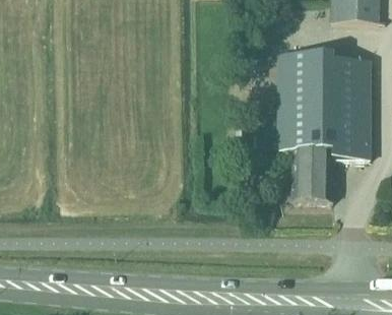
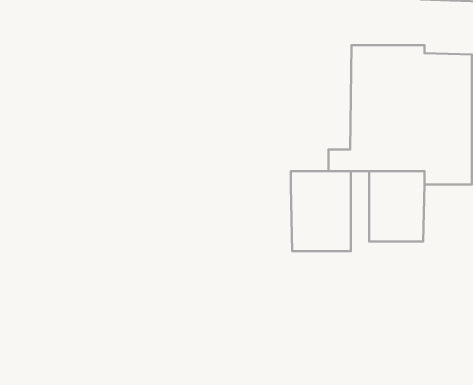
building: none -> [291,171,351,251]

